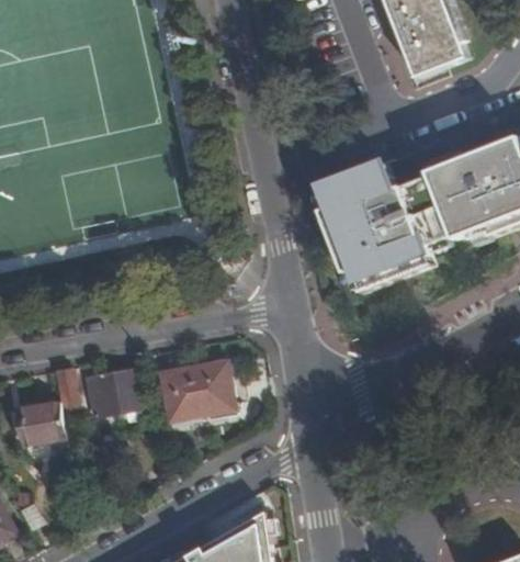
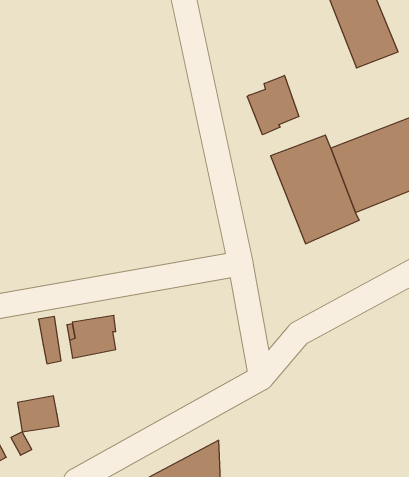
building: none -> [247,75,299,135]
building: [159,364,233,423] -> none
building: [14,404,63,446] -> [18,396,59,432]

